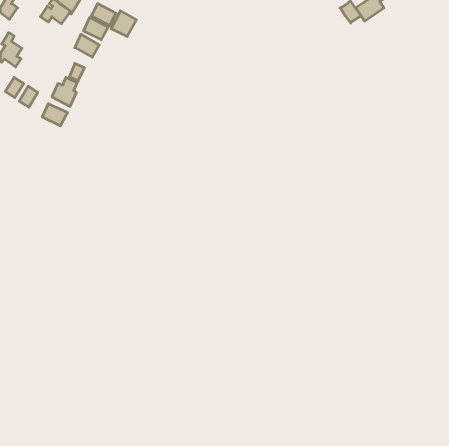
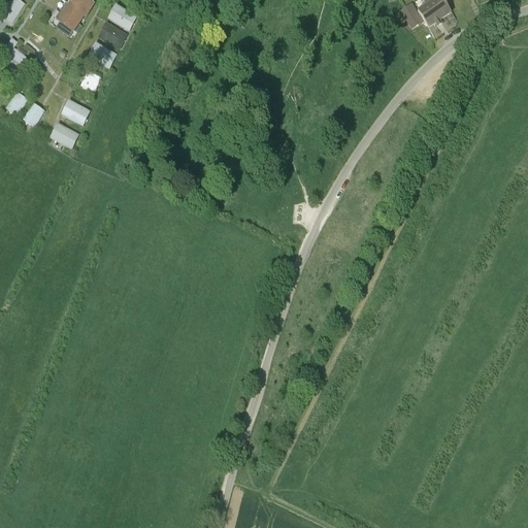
building: [111,11,136,37] -> none

